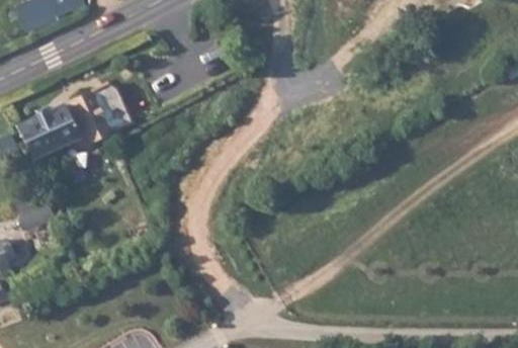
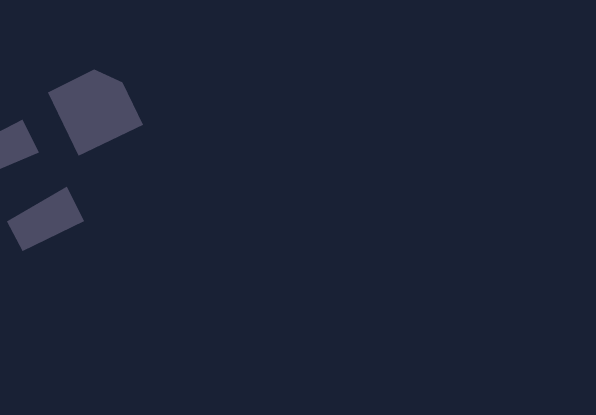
building: none -> [6,186,85,252]

